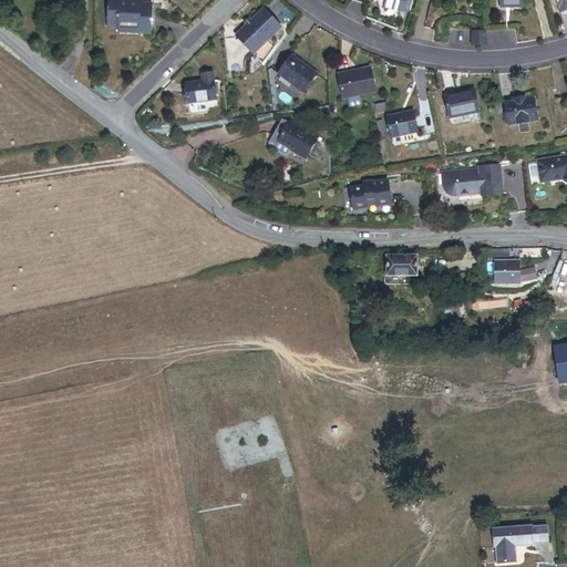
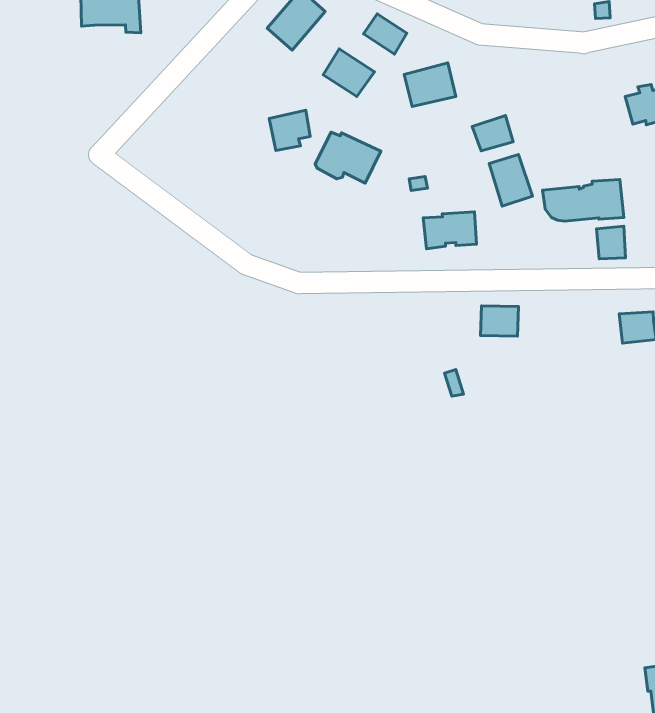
building: none -> [363,14,407,54]
building: [185,79,215,107] -> [269,110,310,150]
building: [446,89,481,116] -> none
building: none -> [489,154,532,206]
building: none -> [596,226,626,259]

